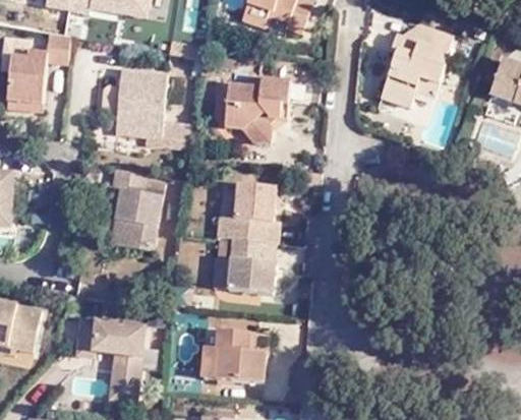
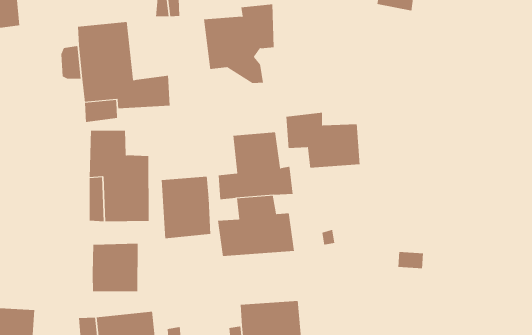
building: none -> [286,112,360,169]
building: none -> [161,176,211,239]
building: none -> [92,243,138,292]

